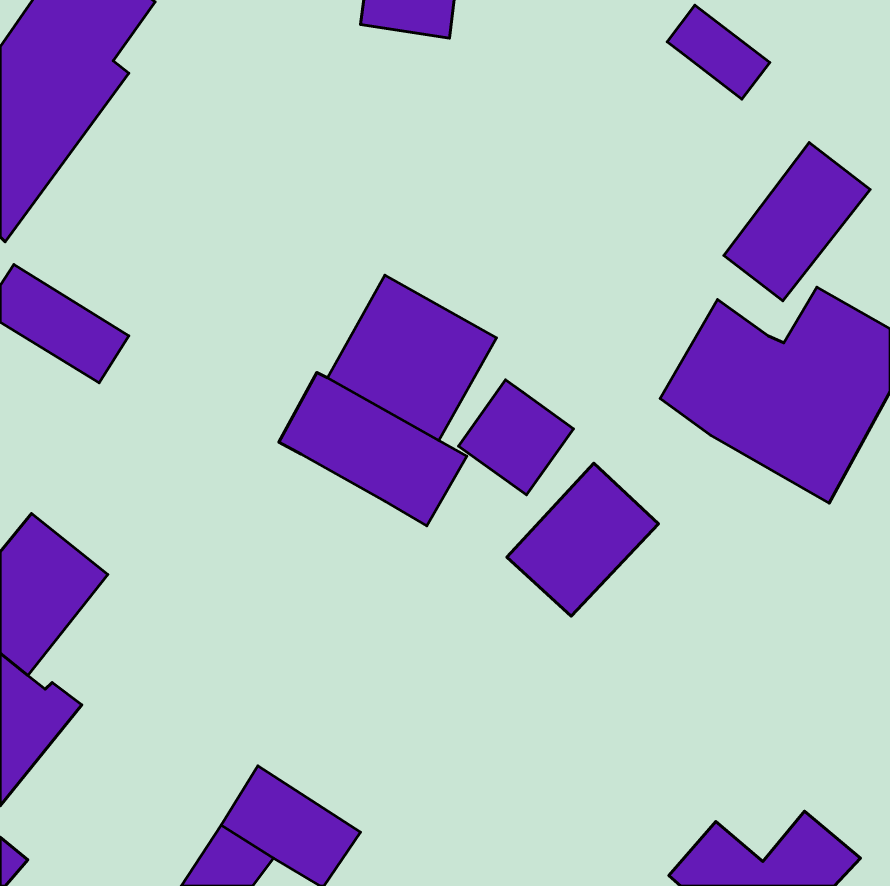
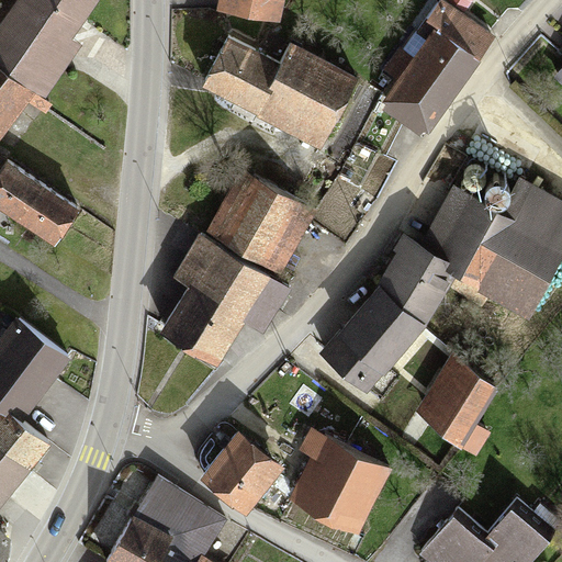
building: none -> [207,41,349,138]
building: [724,142,870,301] -> [375,33,468,133]
building: [458,380,573,495] -> [375,244,448,316]
building: none -> [166,286,243,359]
building: none -> [414,361,491,453]
building: none -> [199,432,281,512]
building: none -> [290,435,382,533]

